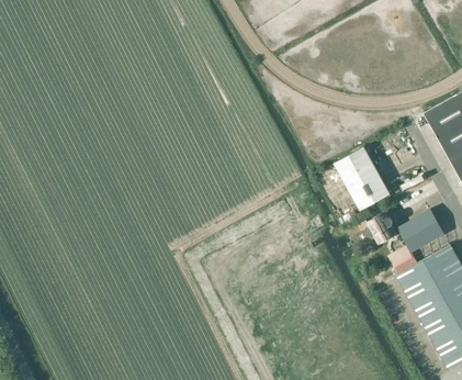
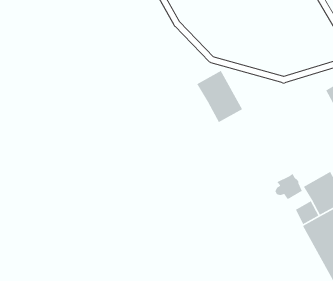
building: [335,147,391,211] -> [196,70,243,123]

